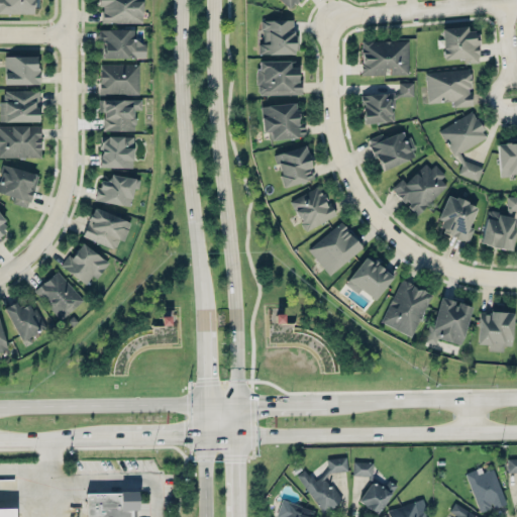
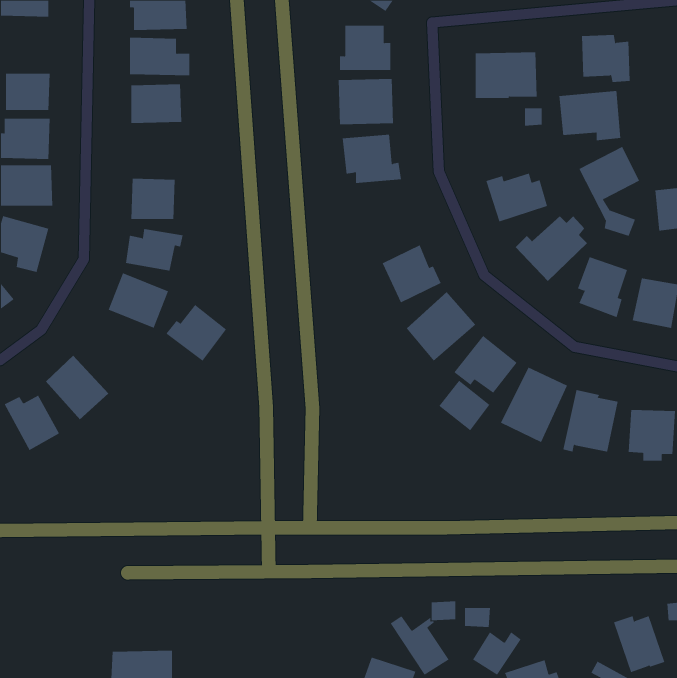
building: [364,94,396,123] -> none
building: [100,100,142,131] -> none
building: [275,145,316,188] -> none
building: [62,243,108,287] -> [166,304,227,361]
building: none -> [438,380,490,431]

